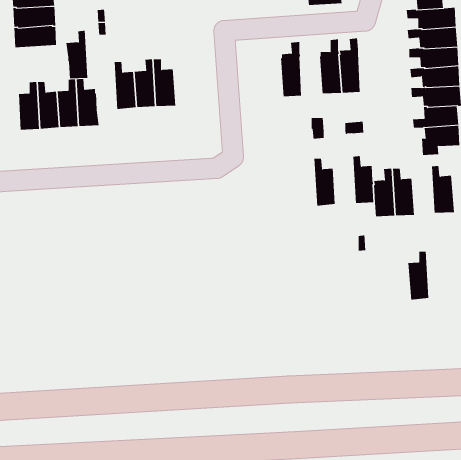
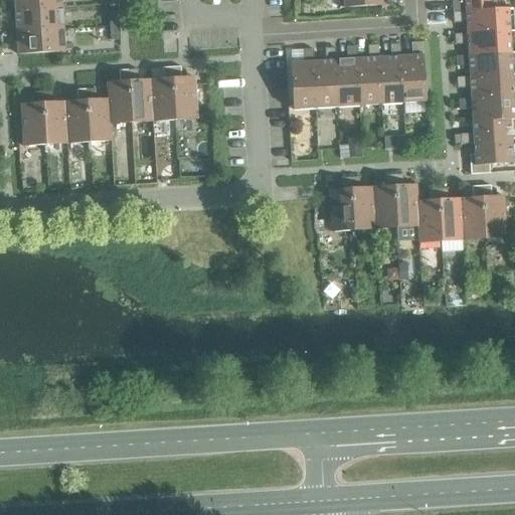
building: [66,30,88,79] -> [106,68,131,123]
building: none -> [400,41,424,103]
building: none -> [335,45,359,107]
building: none -> [291,47,316,109]
building: none -> [372,174,396,227]
building: none -> [328,176,353,230]
building: [408,251,429,300] -> [460,185,484,239]

